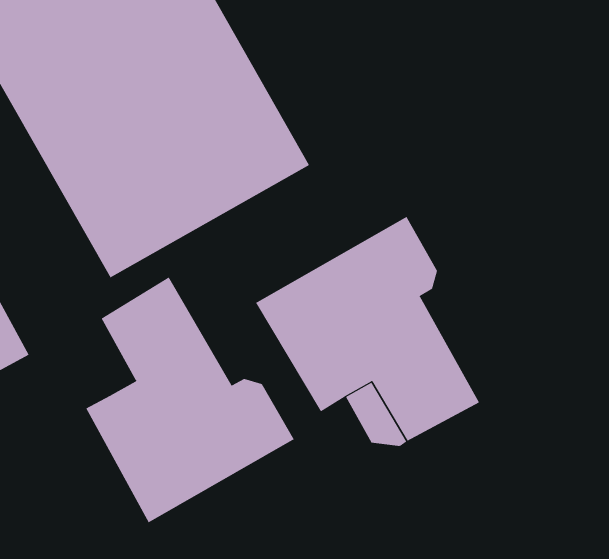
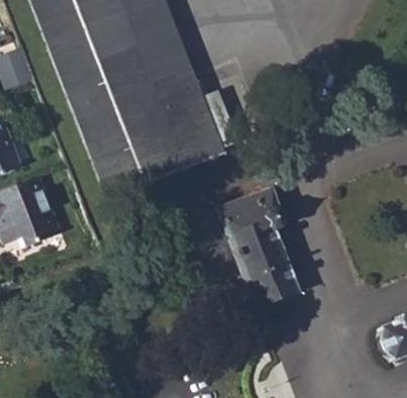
building: [86,277,295,523] -> none

